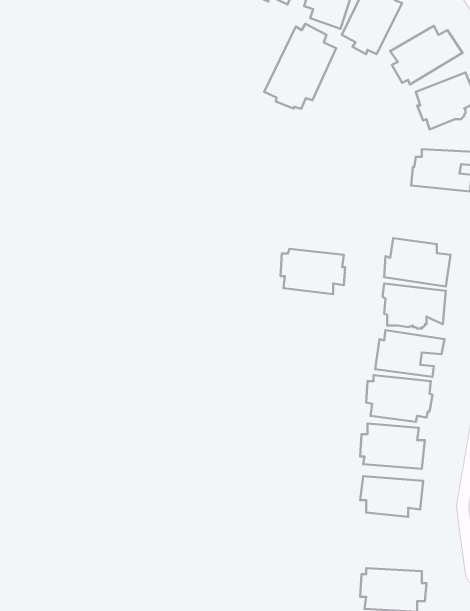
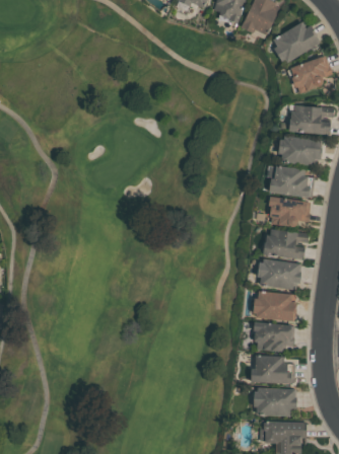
building: [264,24,336,109] -> none
building: [280,249,345,294] -> [278,136,322,166]
building: none -> [251,356,293,384]

